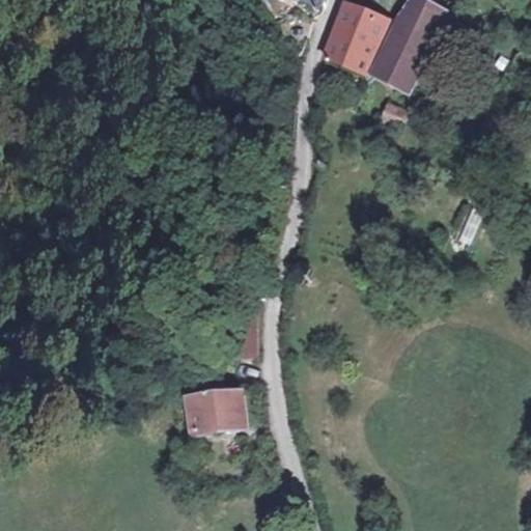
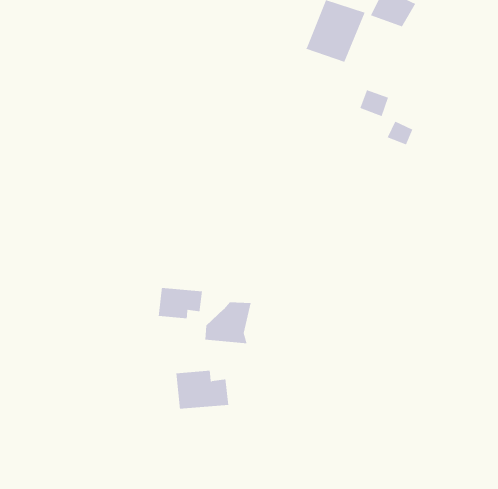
building: [368,17,428,84] -> none
building: none -> [158,287,202,319]

